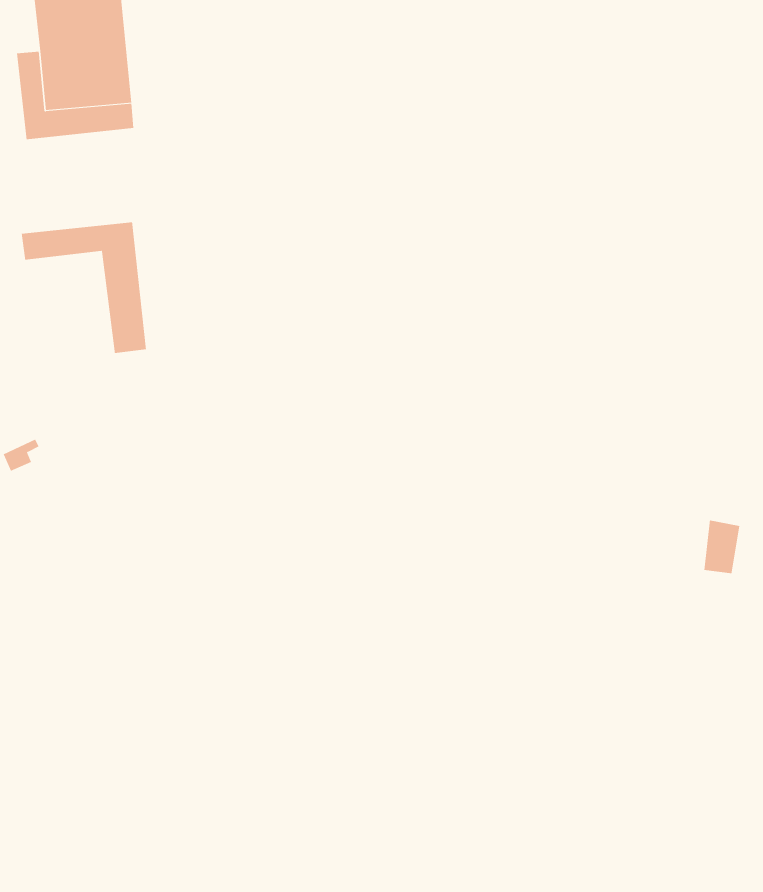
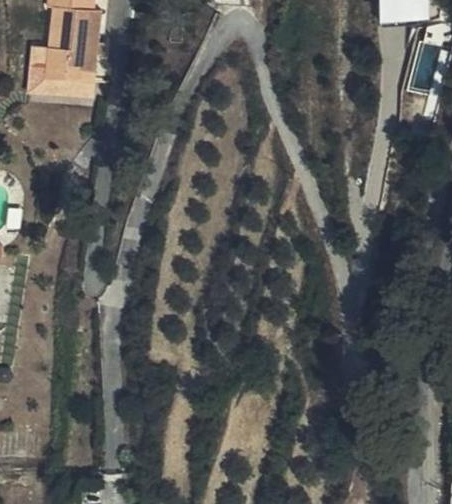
building: [21,222,146,354] -> none

